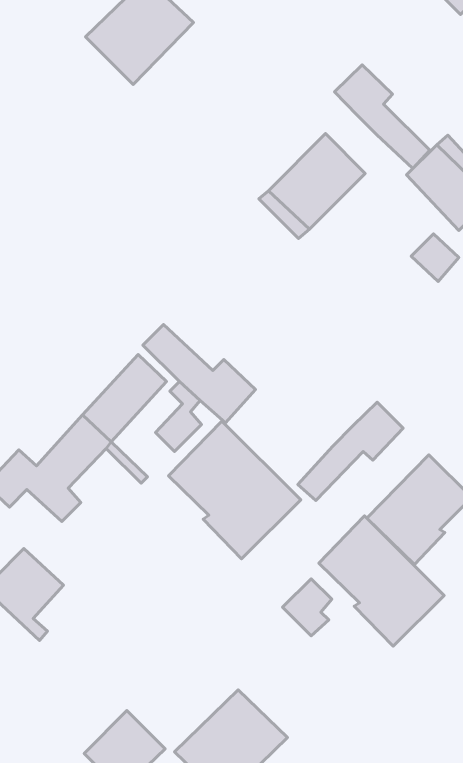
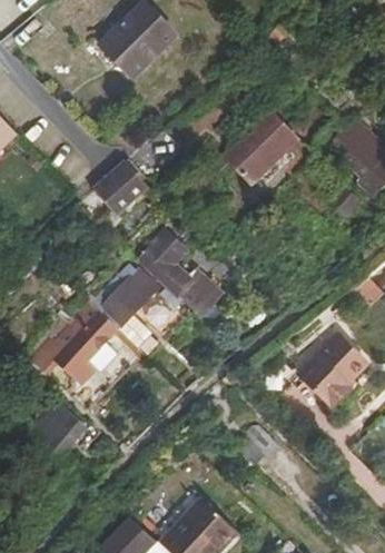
building: [335,65,430,169] -> none
building: none -> [98,159,150,213]
building: [298,402,403,501] -> none
building: [169,421,301,559] -> none
building: [319,516,444,646] -> none

